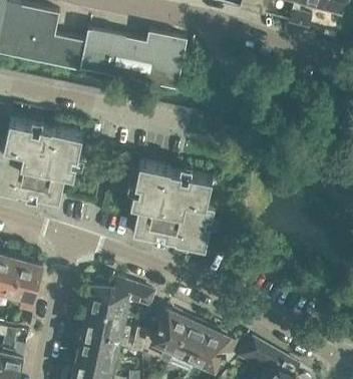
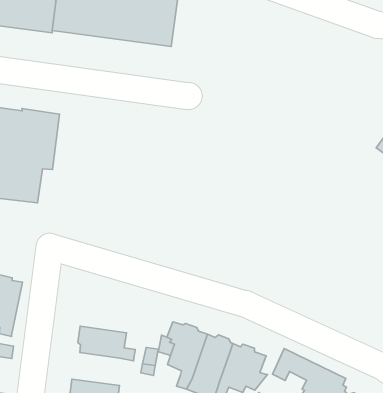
building: [131,162,216,253] -> none
building: [87,280,152,321] -> none
building: [77,328,128,357] -> none

